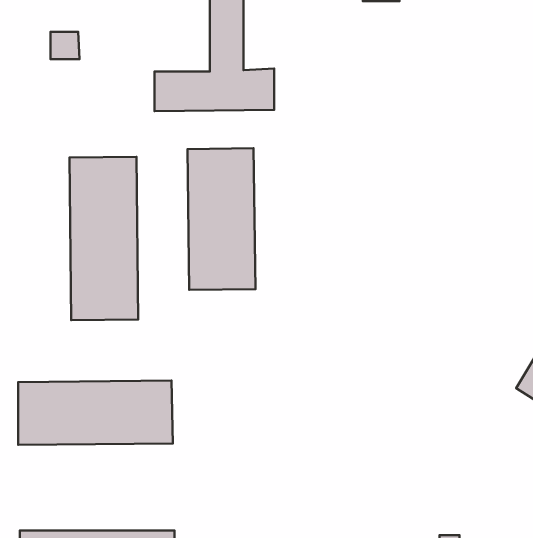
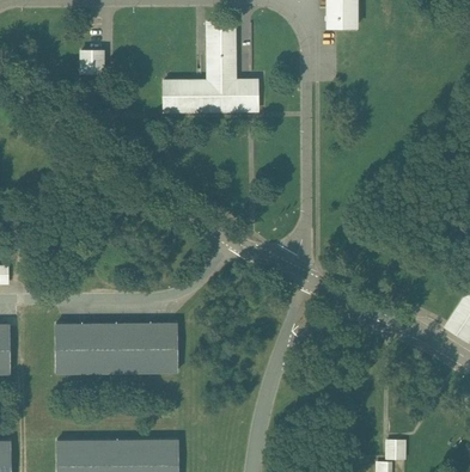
building: [187,148,255,290] -> none
building: [70,157,138,320] -> none

